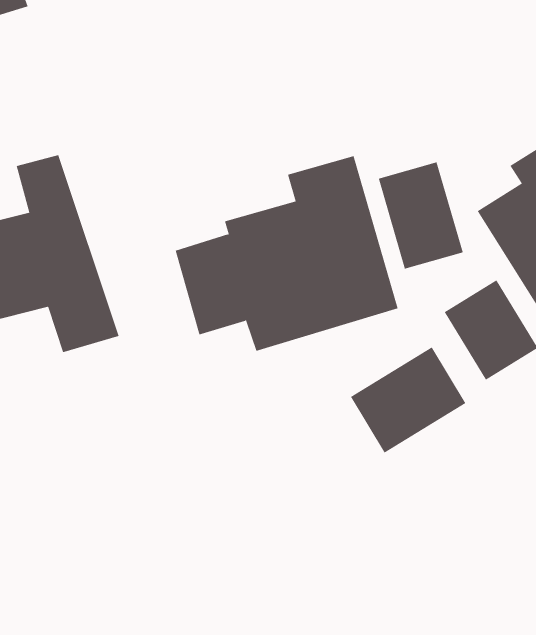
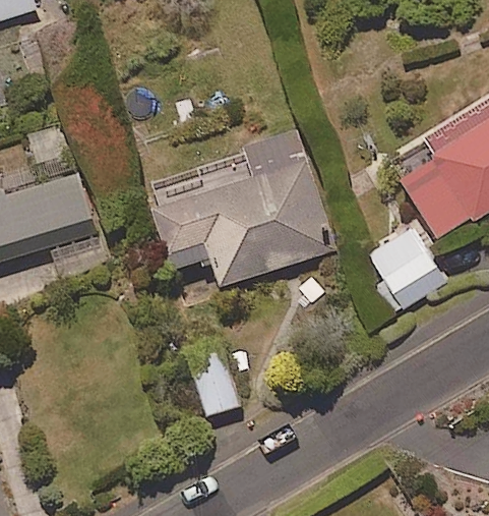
building: [378,161,463,269] -> none
building: [350,347,466,453] -> none

